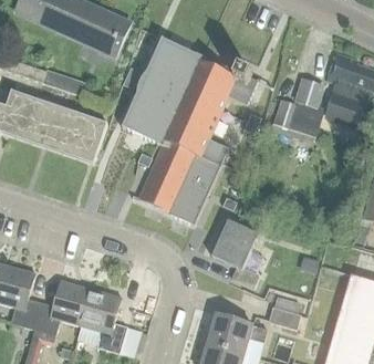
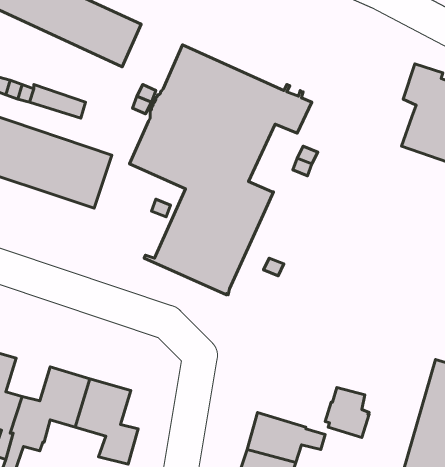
building: [272,79,323,141] -> none
building: [212,219,260,287] -> none

